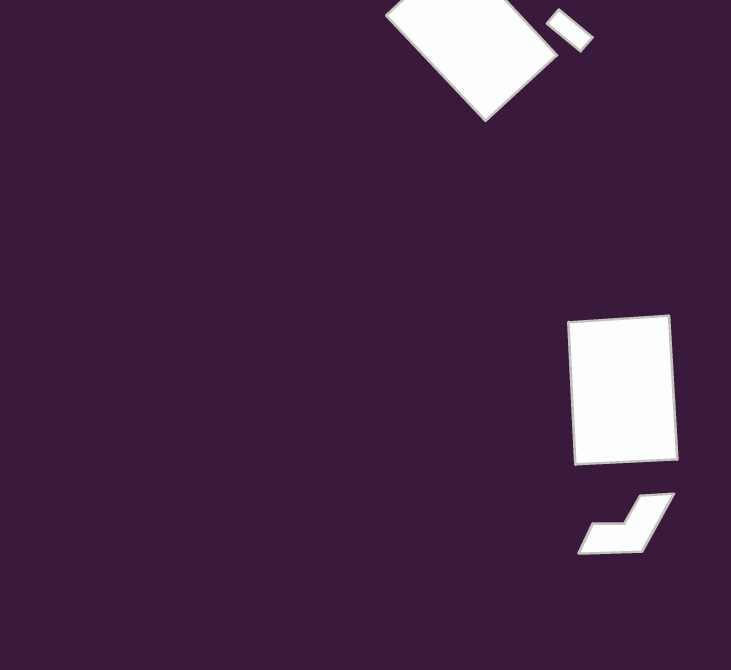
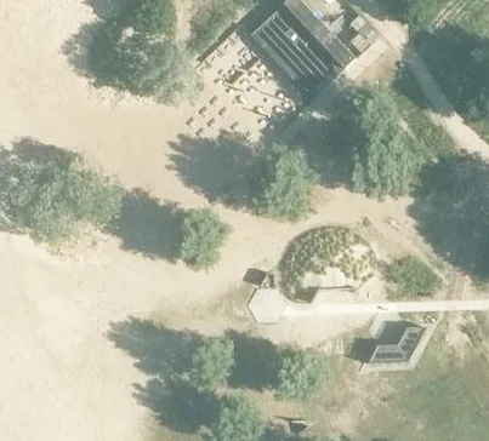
building: [569,316,677,465] -> none

